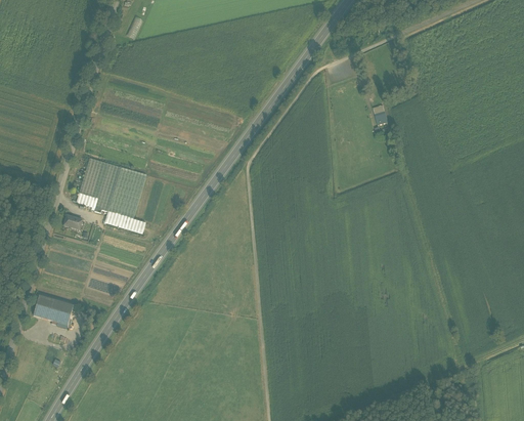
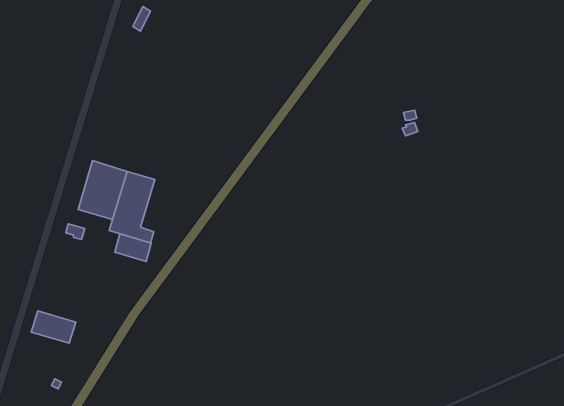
building: none -> [115,234,151,261]

